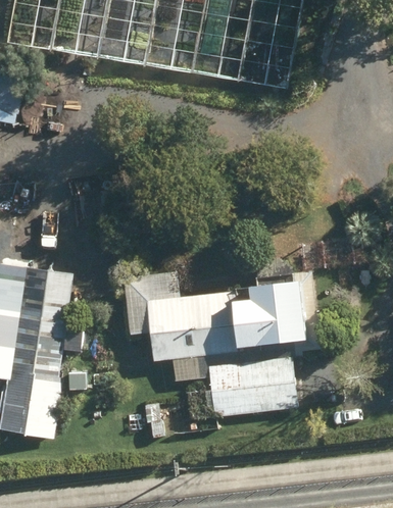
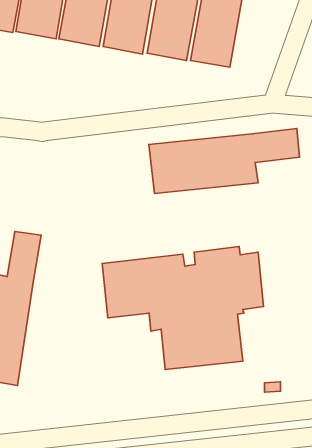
building: none -> [149,129,299,194]

